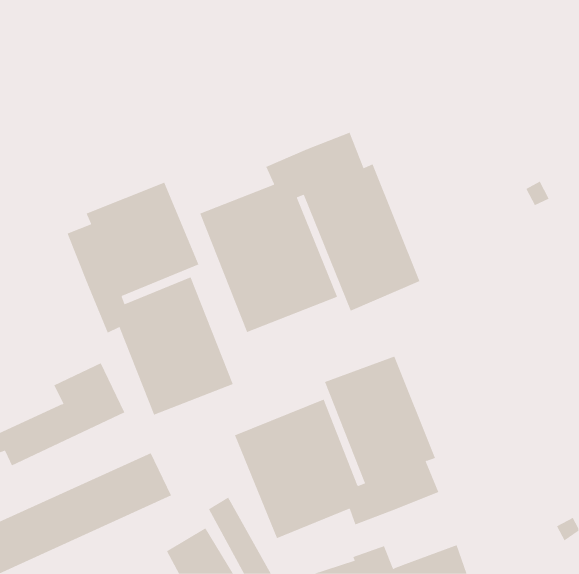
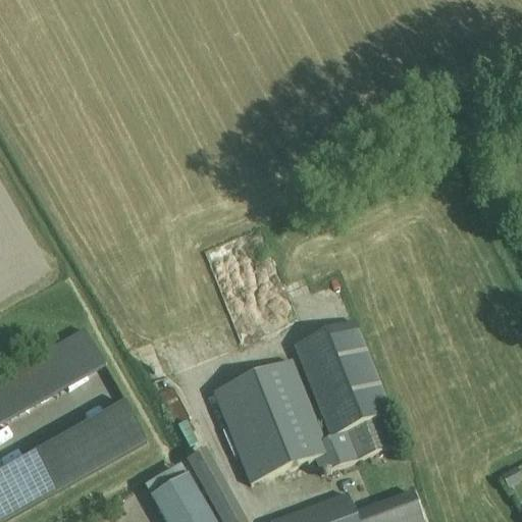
building: [200,132,420,333] -> none
building: [67,182,234,416] -> none

